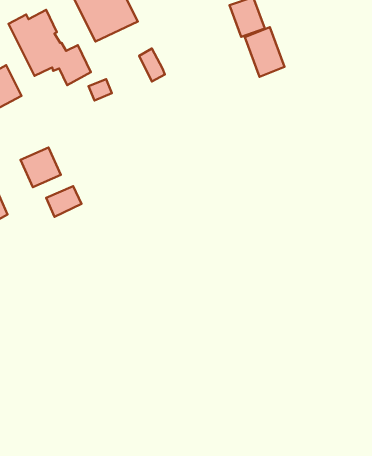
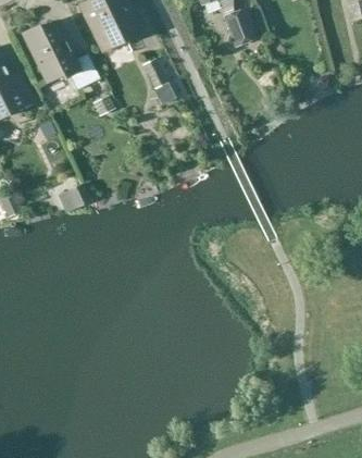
building: [245,27,285,77] -> none
building: [21,148,61,187] -> none

